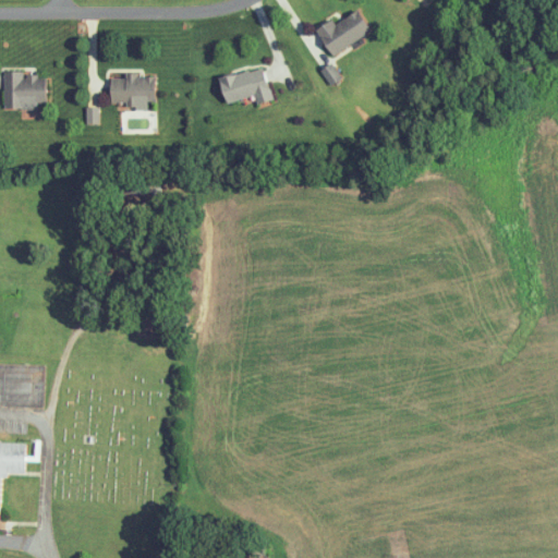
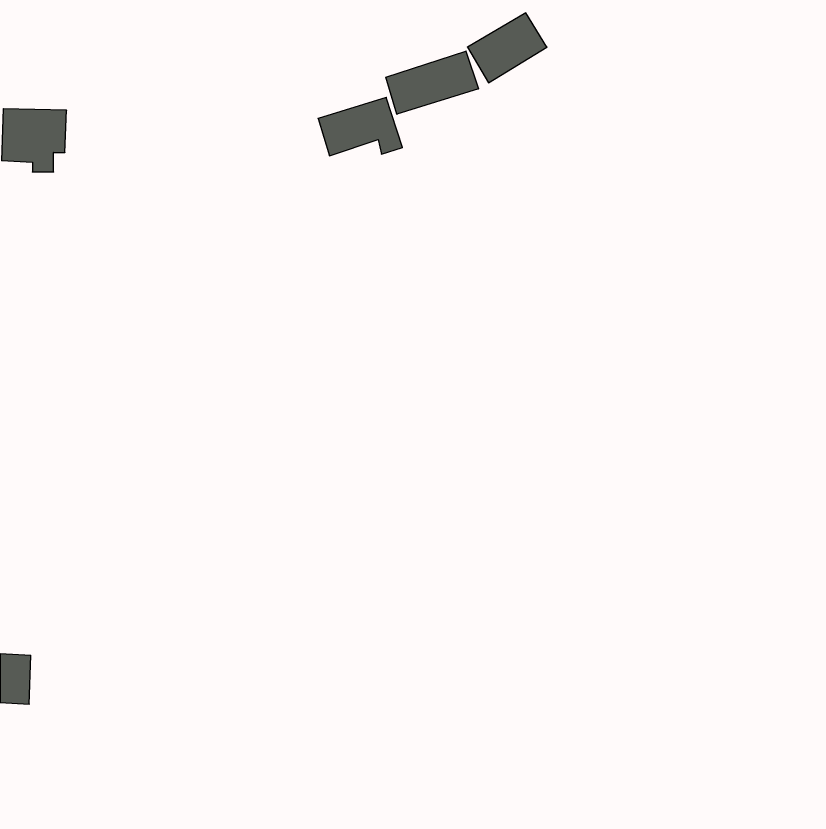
building: none -> [386,51,478,114]
building: [110,75,156,108] -> none

